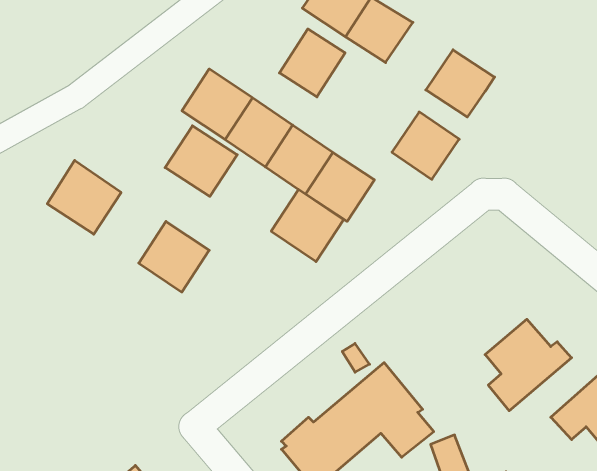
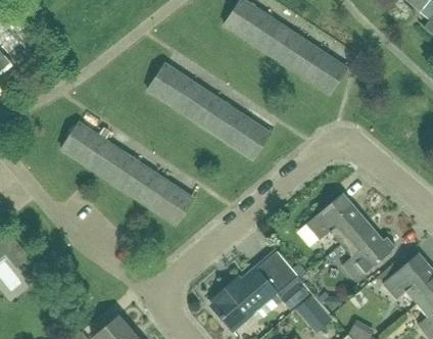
building: [279,29,345,97] -> none
building: [392,112,459,179] -> [278,34,321,77]
building: [165,126,237,196] -> [92,142,138,187]
building: [271,189,343,262] -> [148,179,194,225]
building: none -> [307,193,368,245]

